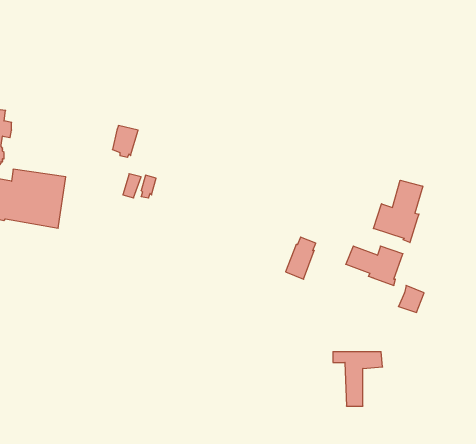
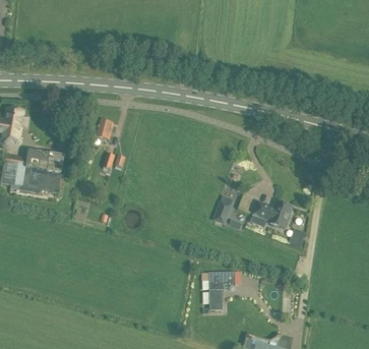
building: [373,180,423,243] -> none
building: [333,352,383,406] -> [201,273,235,309]

